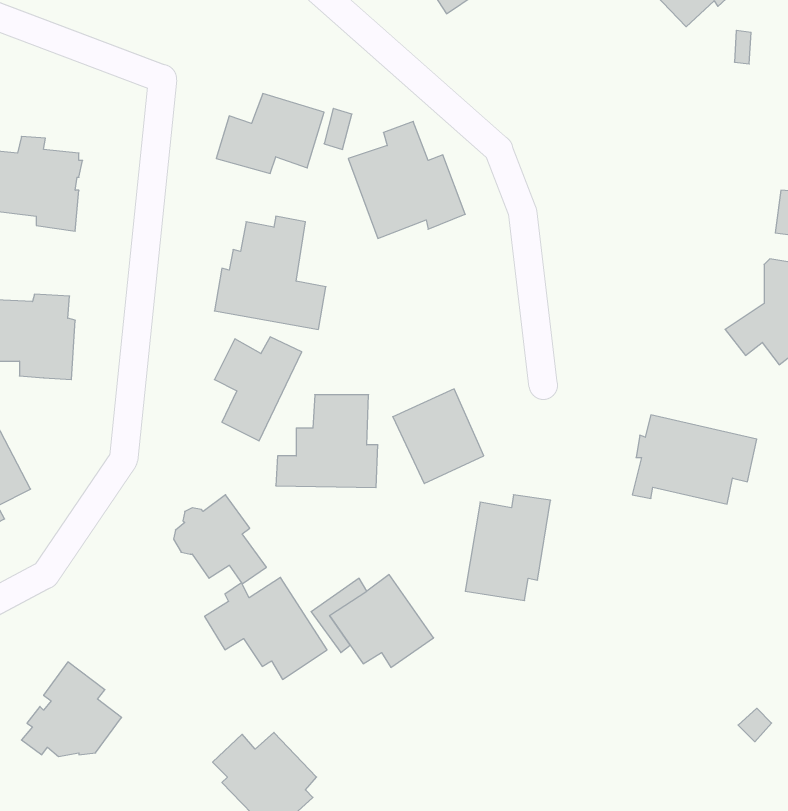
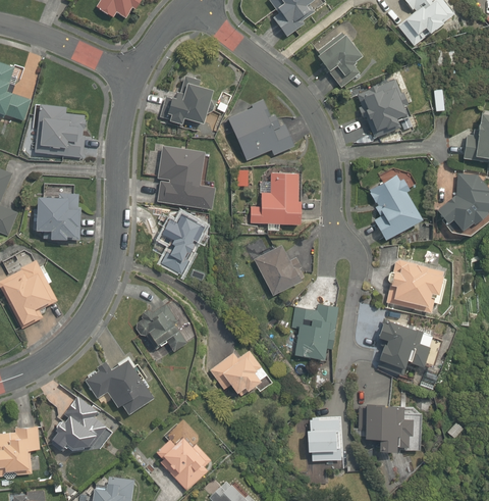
building: none -> [318,36,363,88]
building: none -> [354,80,410,134]
building: none -> [369,174,425,241]
building: [276,395,378,488] -> [250,172,306,223]
building: none -> [379,318,444,371]
building: [205,577,327,679] -> [83,357,150,413]
building: none -> [367,404,421,452]
building: none -> [308,414,344,468]

